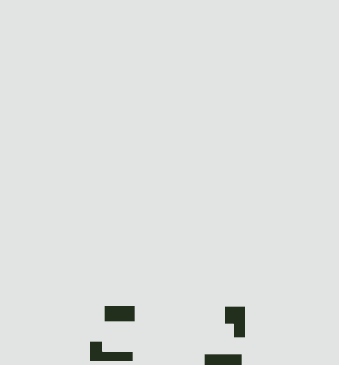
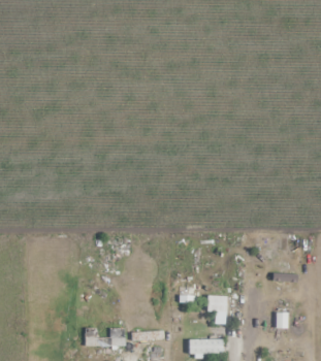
building: [104,305,135,322] -> none

